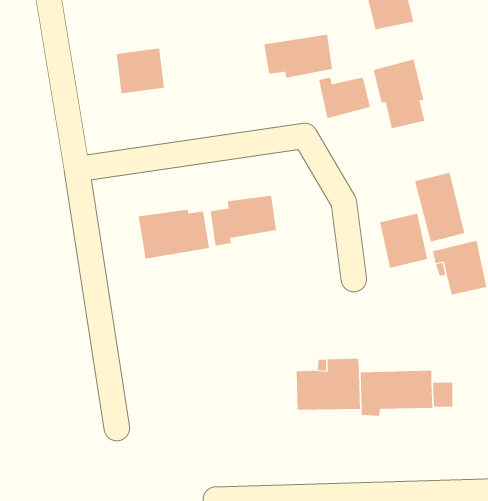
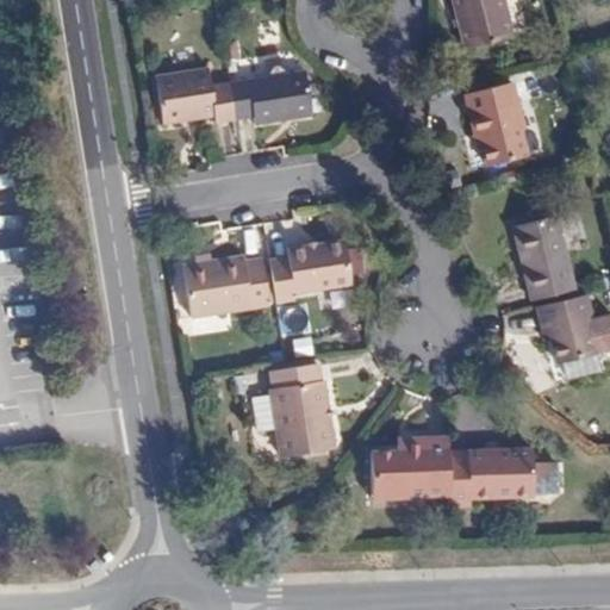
building: [264,34,333,78] -> [230,70,312,123]
building: [318,77,371,119] -> none
building: [379,213,428,268] -> none
building: none -> [270,365,335,458]

